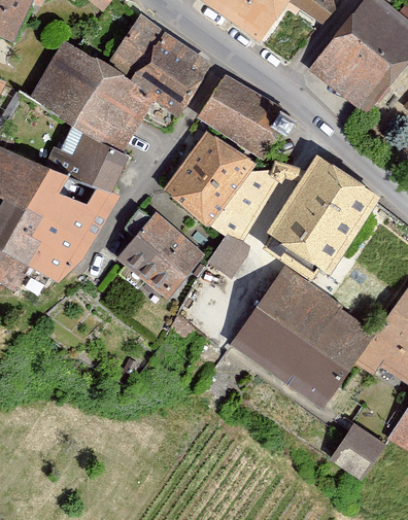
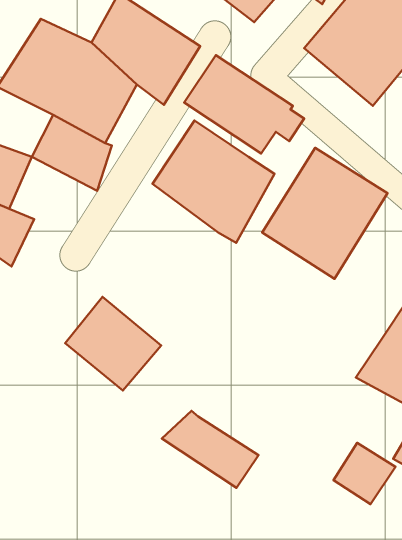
building: [36,164,116,281] -> none
building: [118,214,206,300] -> [65,297,161,391]
building: [208,233,249,278] -> none
building: [232,267,376,404] -> none
building: none -> [162,411,258,488]

